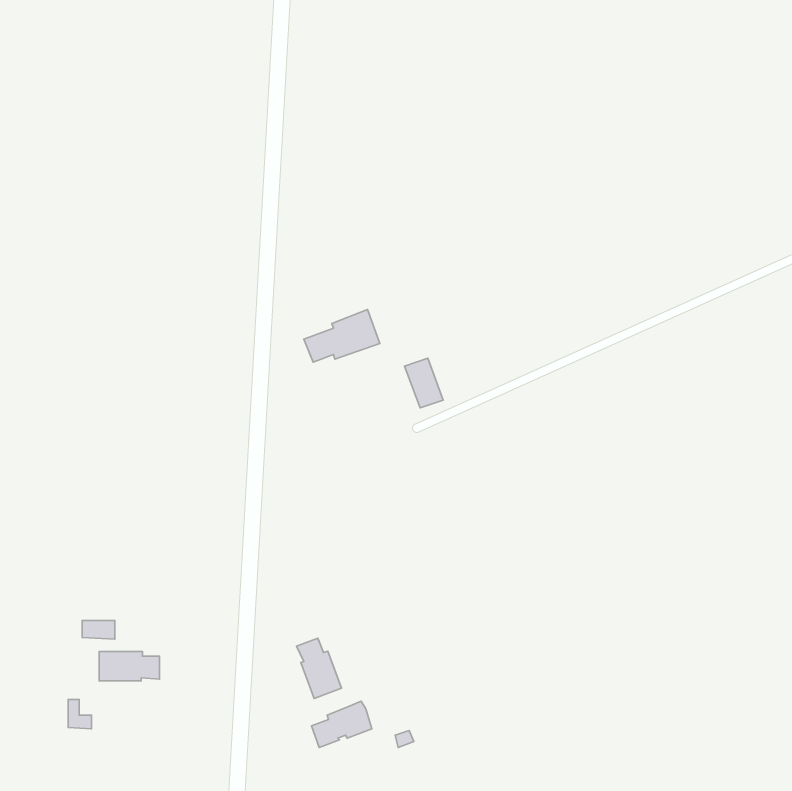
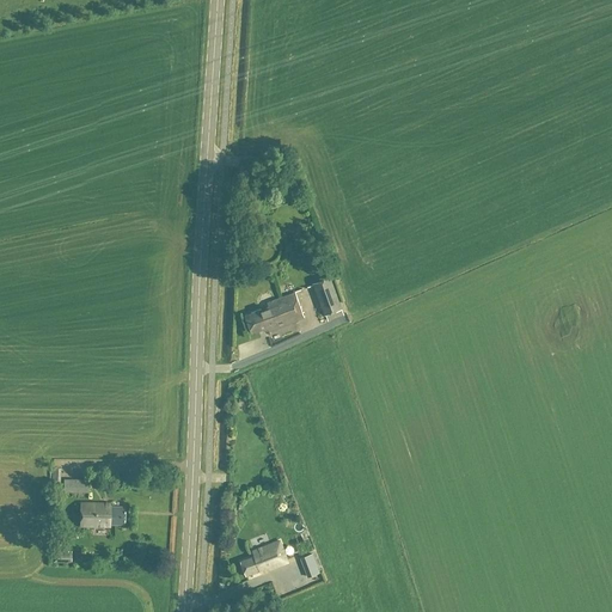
building: [304,310,380,362] -> [245,292,304,332]
building: [296,638,342,698] -> none

